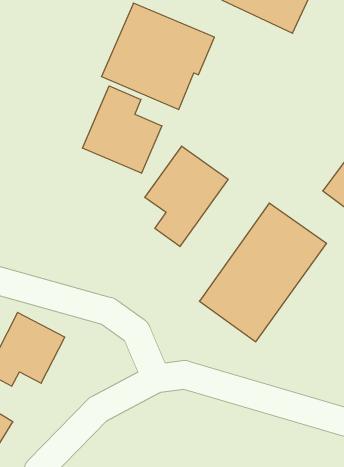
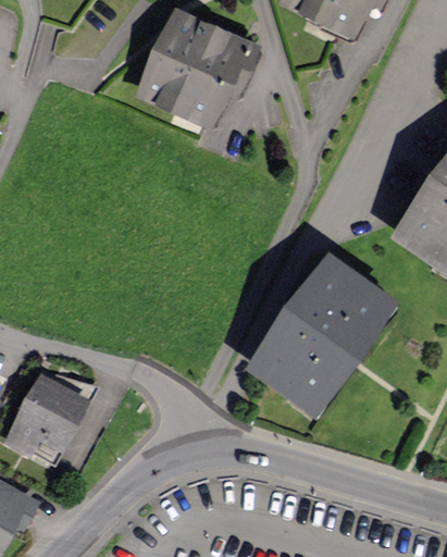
building: [83,86,162,173] -> none
building: [145,146,228,247] -> none

